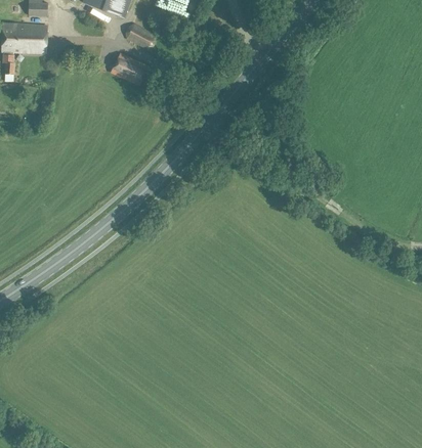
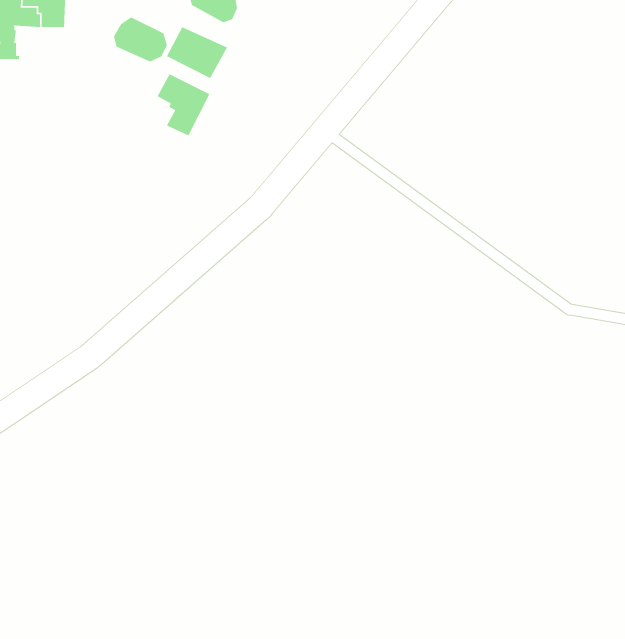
building: none -> [113,17,168,62]
building: none -> [156,73,210,137]

